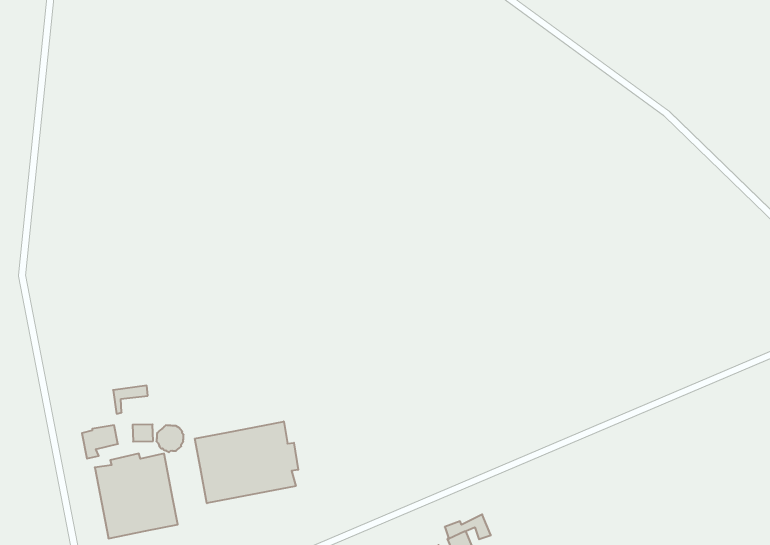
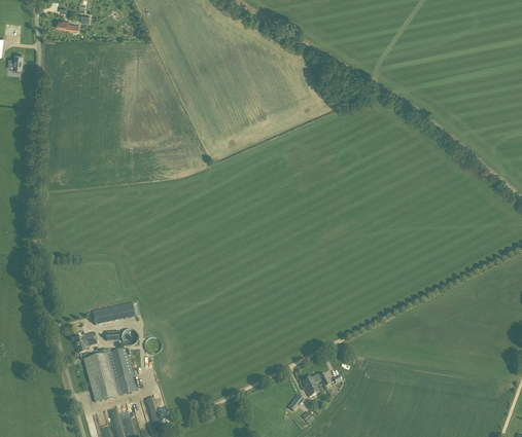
building: [195,421,298,503] -> none

